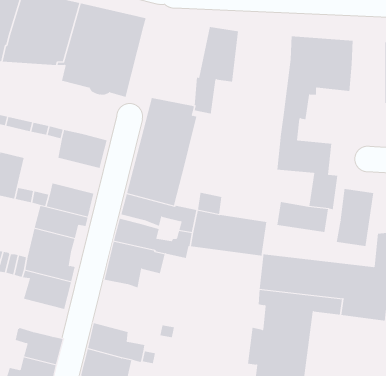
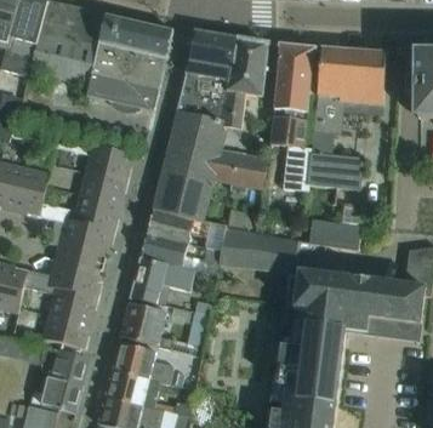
building: none -> [177,30,238,119]
building: none -> [269,44,315,190]
building: none -> [213,149,268,192]
building: none -> [76,172,126,209]
building: [336,188,374,247] -> none
building: none -> [120,302,171,348]
building: none -> [42,316,90,355]

